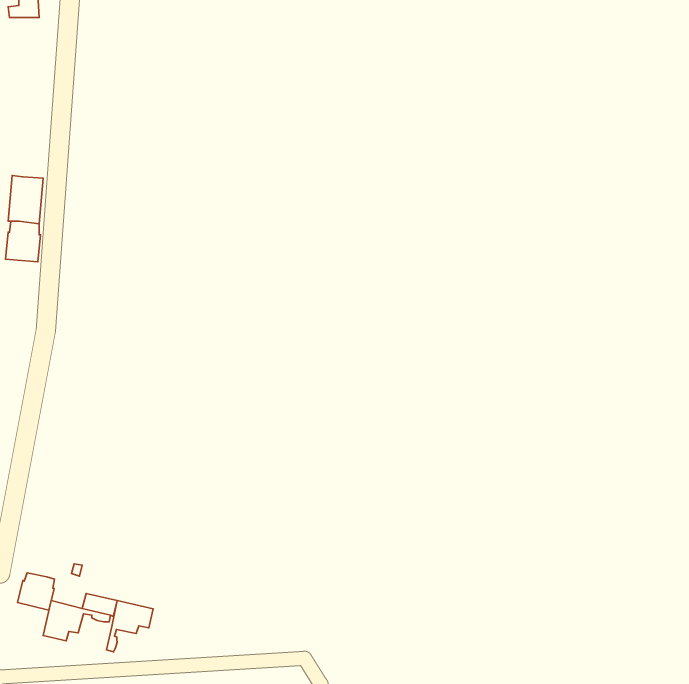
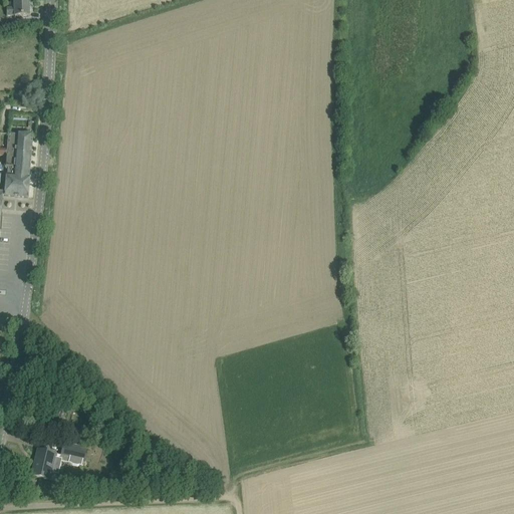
building: [18,573,55,610] -> none
building: [107,600,153,652] -> none

